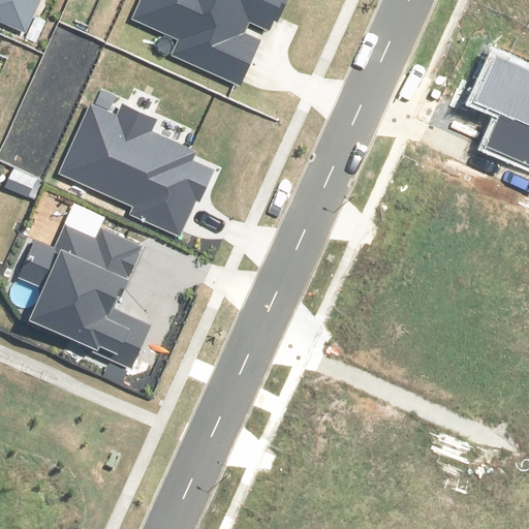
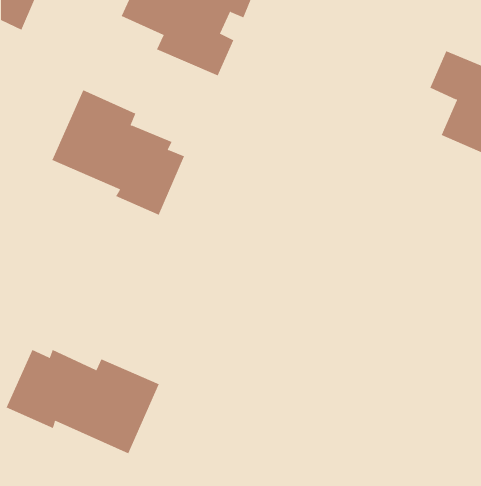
building: [22,226,147,365] -> none
building: none -> [6,349,159,454]

